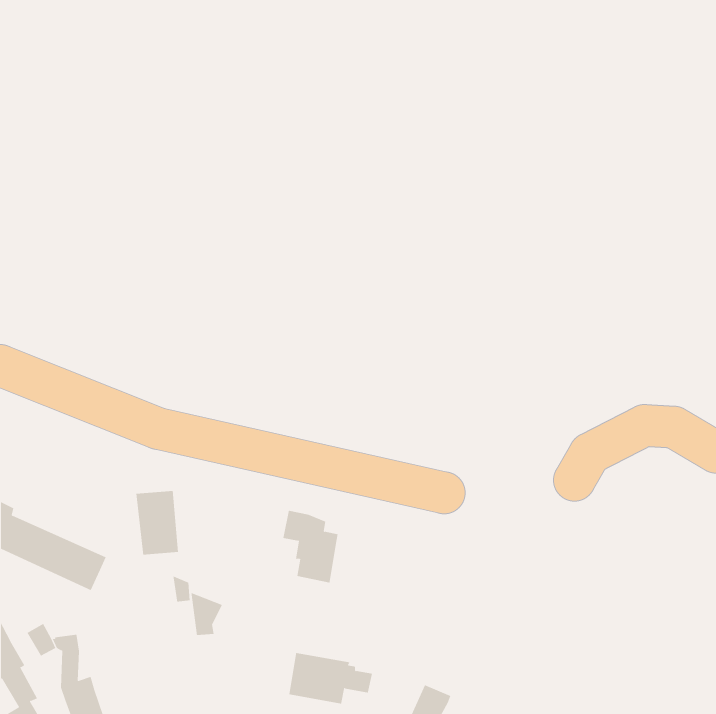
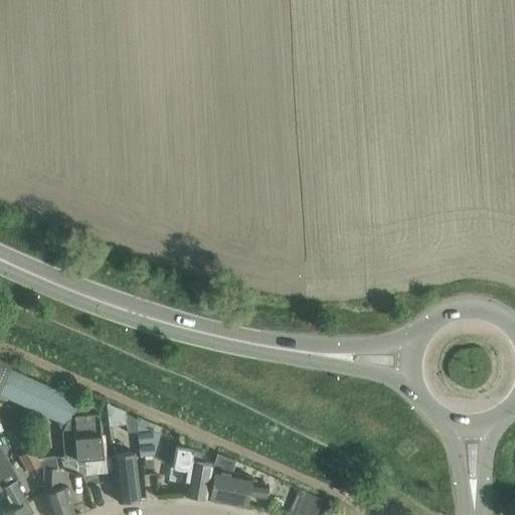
building: [136,491,179,555] -> [70,413,102,460]
building: [283,510,339,583] -> [173,448,213,500]
building: none -> [112,453,140,503]

